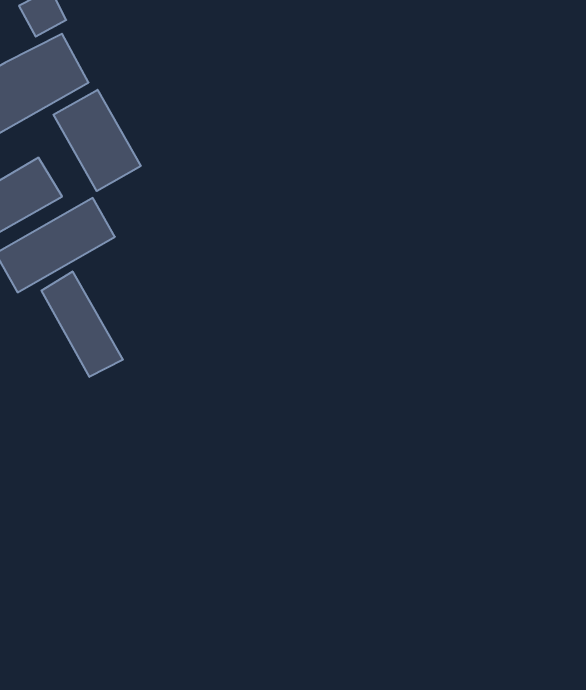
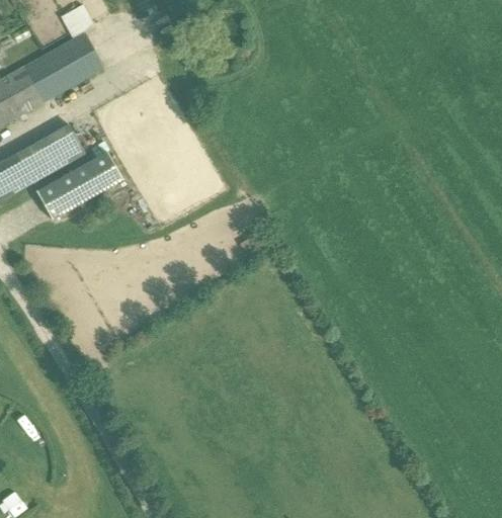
building: [53,90,141,191] -> none
building: [41,271,123,377] -> none

